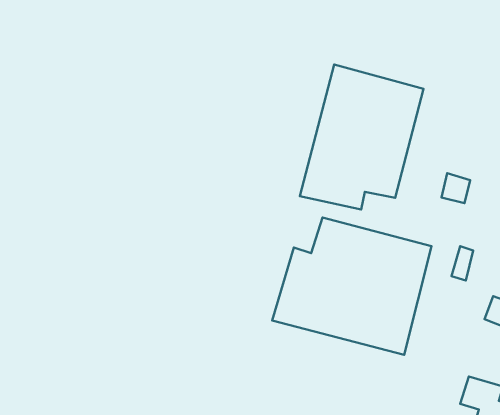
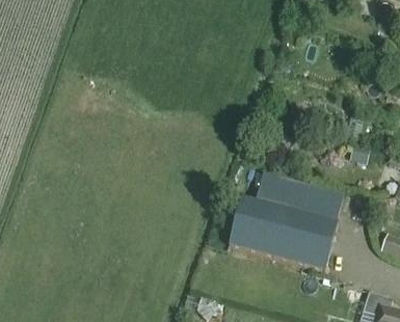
building: [300,65,423,210] -> none

